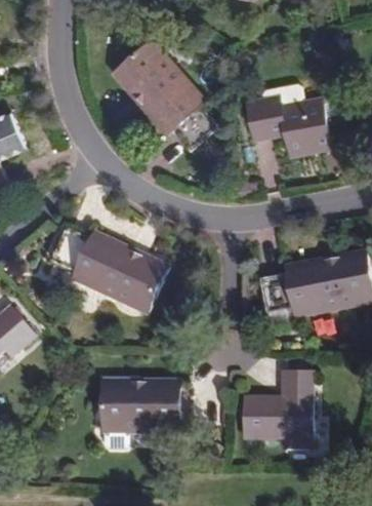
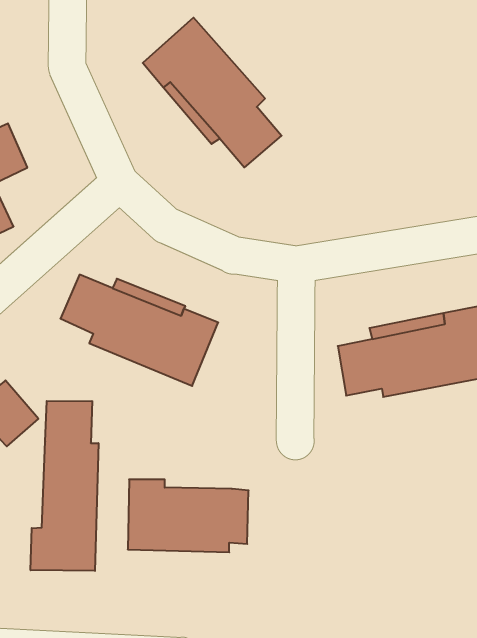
building: [247,94,331,155] -> none
building: none -> [31,401,98,571]
building: [243,373,314,451] -> none

